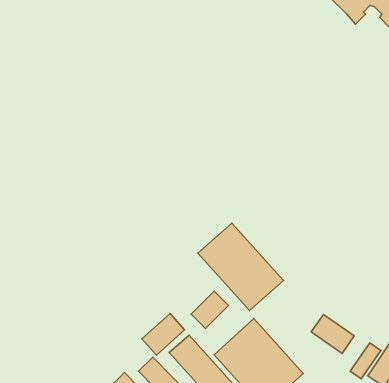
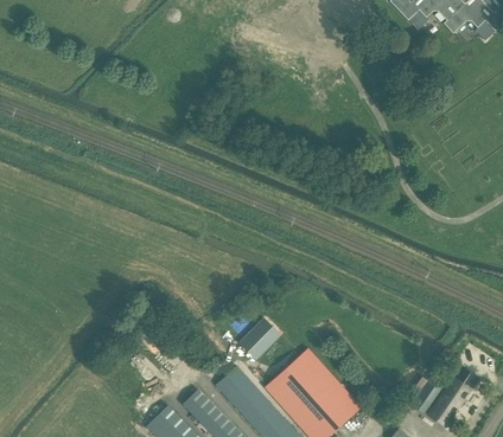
building: [198,223,283,310] -> none
building: [142,314,185,355] -> none
building: [311,314,354,353] -> none

